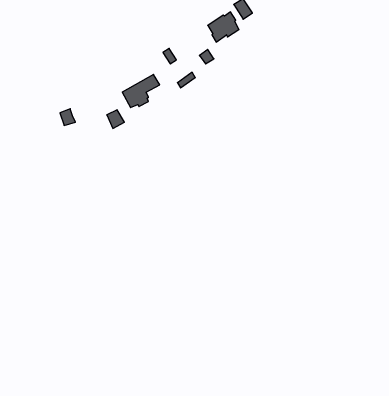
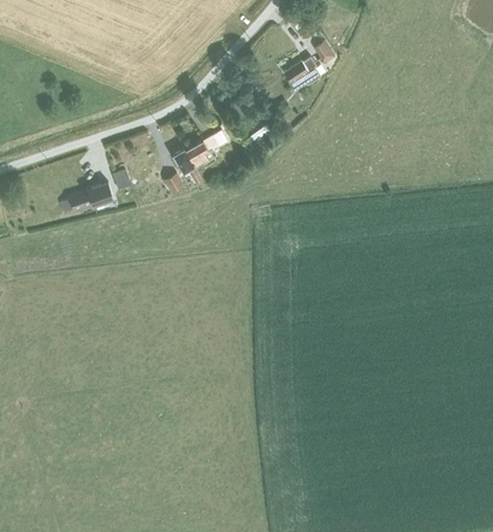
building: none -> [58,181,112,211]

